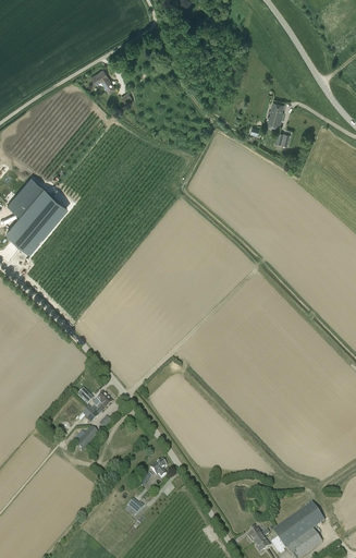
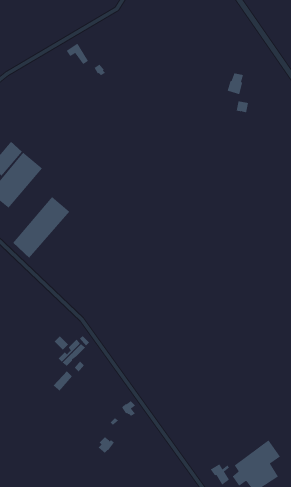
building: none -> [12,196,70,258]

